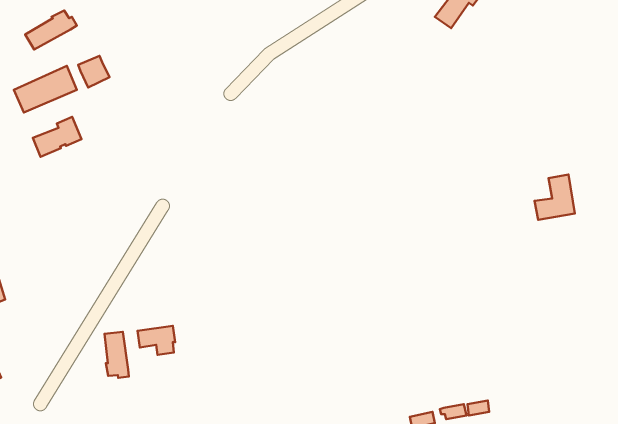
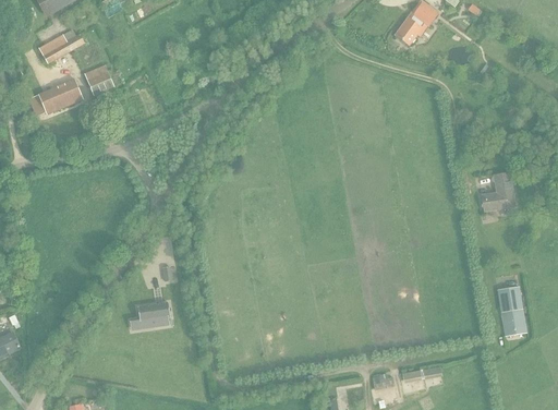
building: [33,117,82,157] -> none
building: none -> [494,275,525,335]
building: [105,332,129,378] -> none

